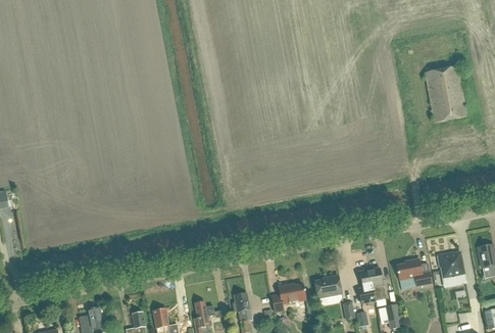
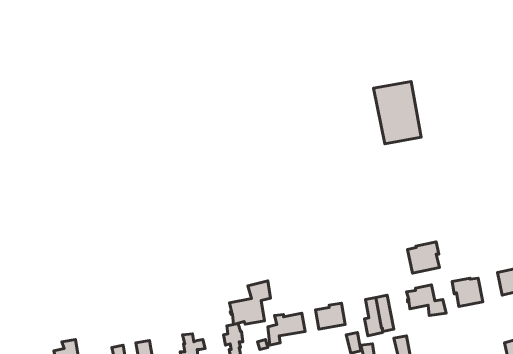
building: [424,65,466,122] -> [373,81,421,144]
building: none -> [407,242,439,273]
building: none -> [230,281,270,324]

